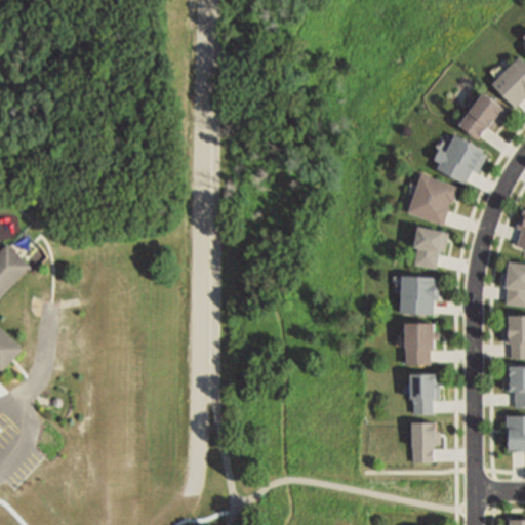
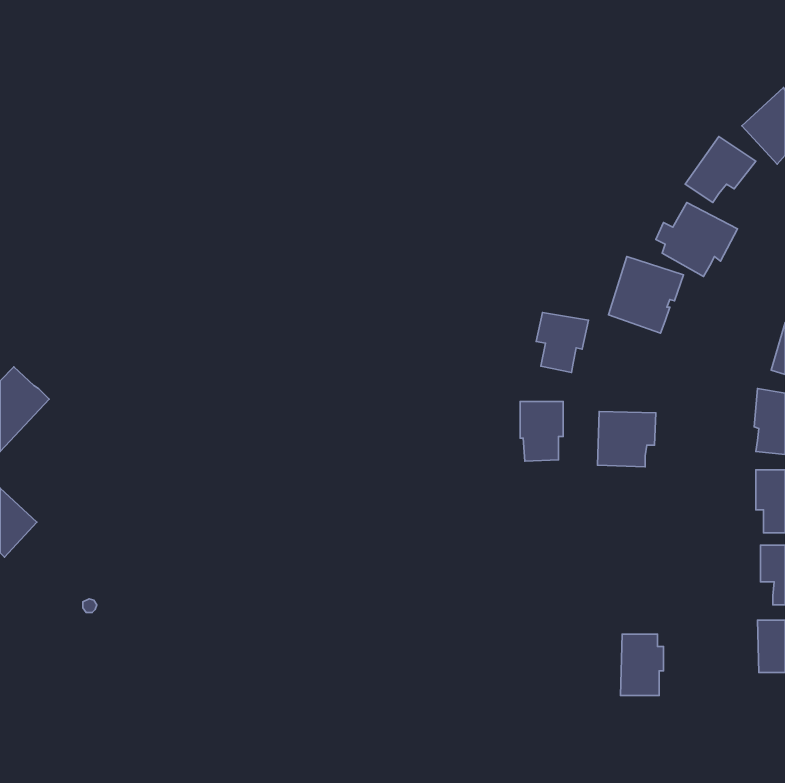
building: [410,227,445,267] -> [536,312,588,372]
building: [402,323,431,363] -> [520,401,563,461]
building: [413,376,443,415] -> none

